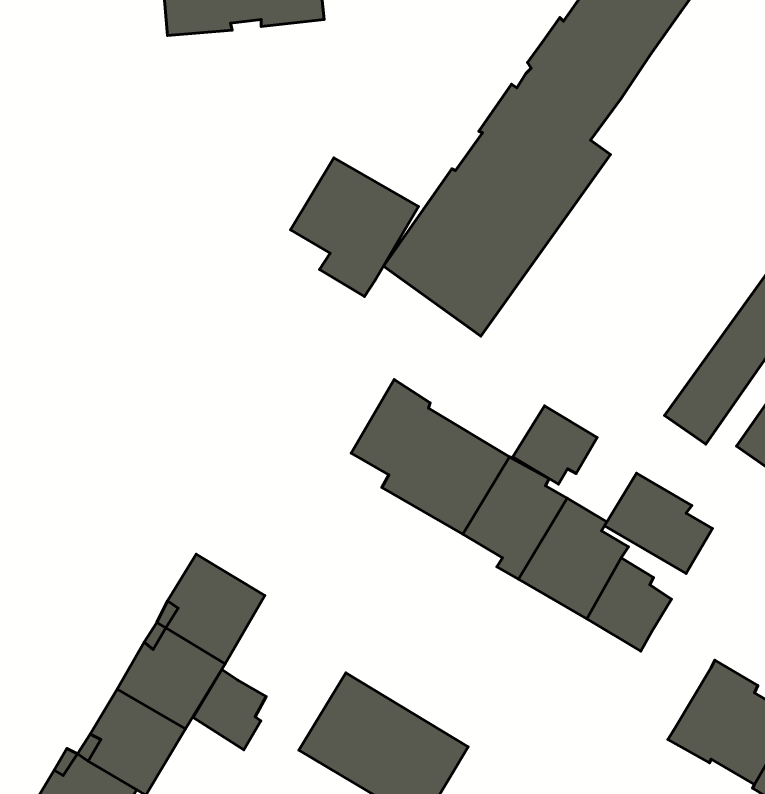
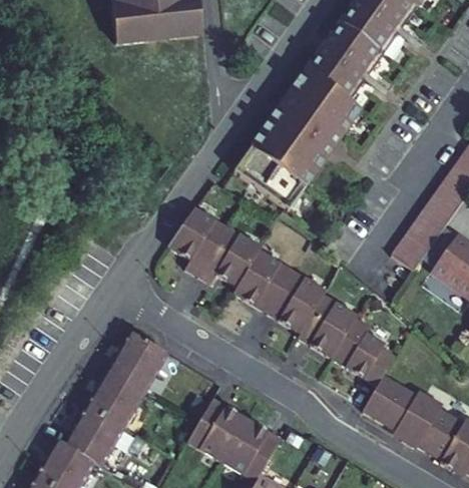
building: [291,158,418,296] -> [168,206,240,284]
building: [513,406,597,484] -> none
building: [604,473,713,574] -> none
building: none -> [362,374,416,429]
building: [193,669,266,750] -> none

